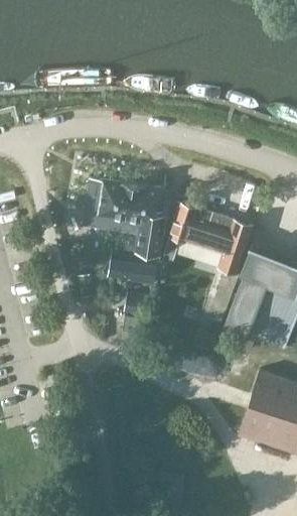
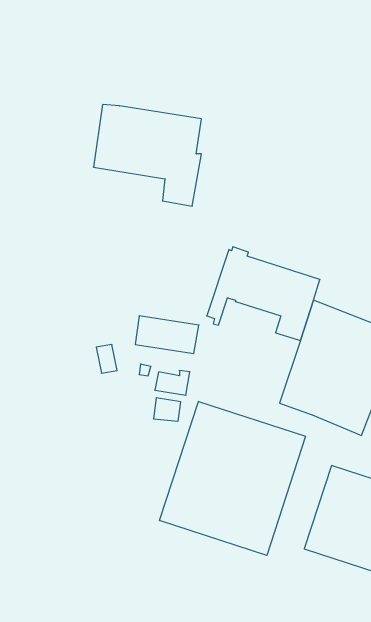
building: [84,179,167,258] -> [93,105,201,206]
building: none -> [160,401,306,555]

